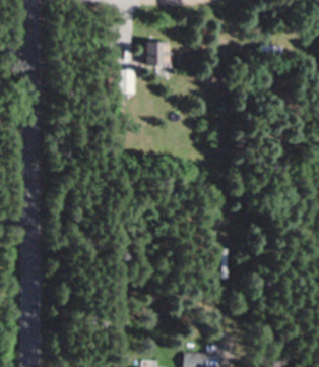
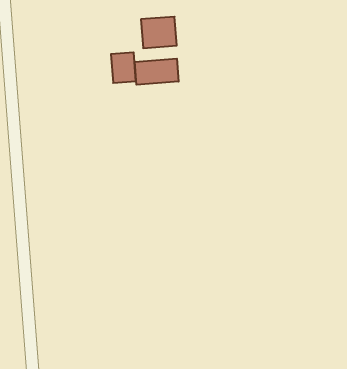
building: none -> [135,59,179,85]

